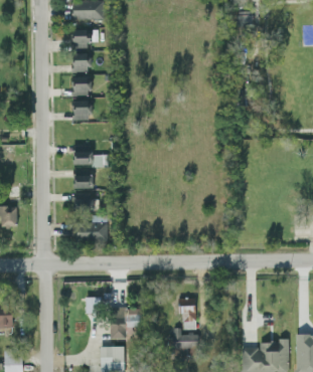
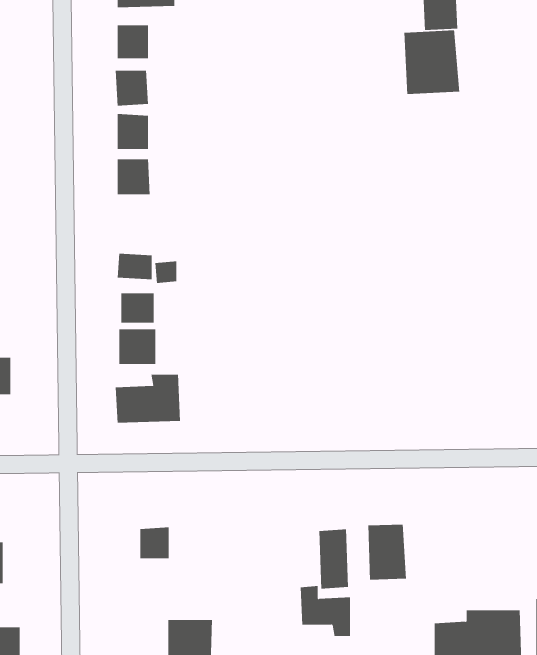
building: none -> [404,30,460,95]
building: none -> [368,524,407,580]
building: [111,308,143,339] -> none

